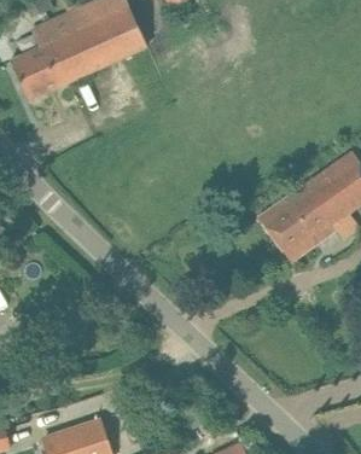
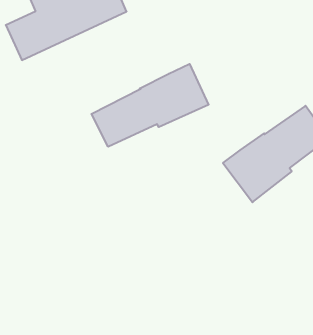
building: none -> [91,64,209,147]

